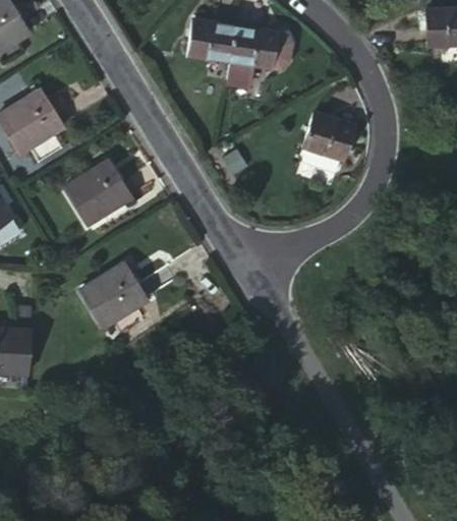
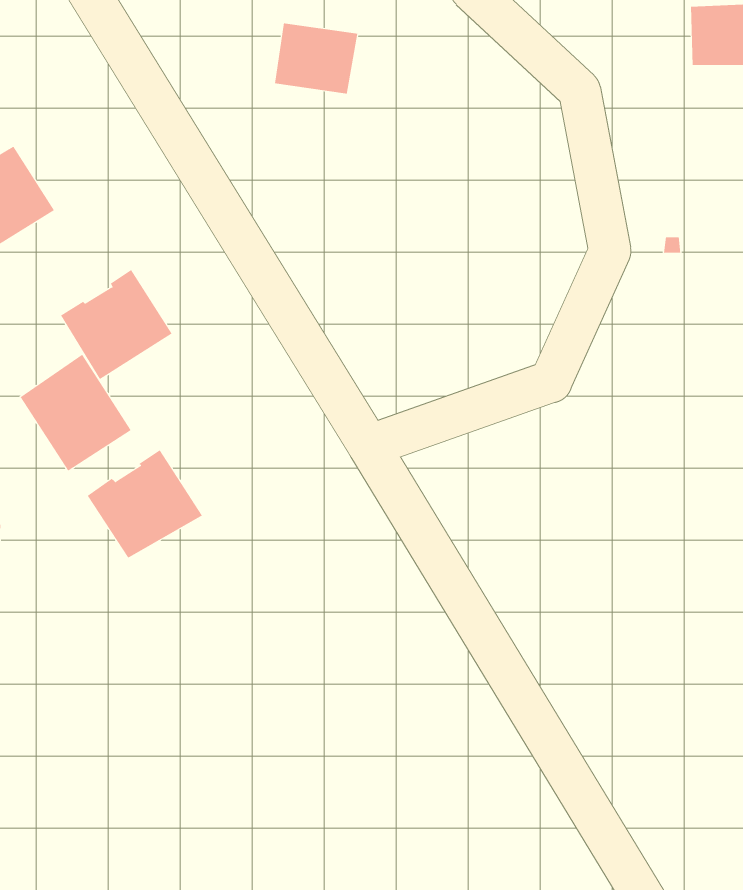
building: [228,26,291,85] -> none
building: [303,113,356,173] -> none
building: none -> [20,354,132,472]

